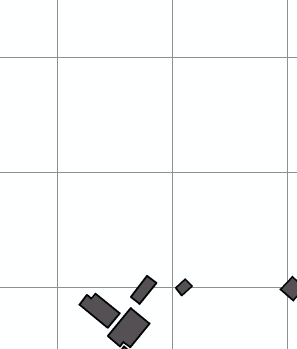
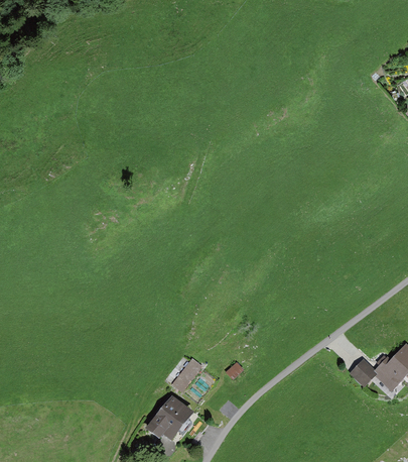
building: [79,294,120,328] -> none

